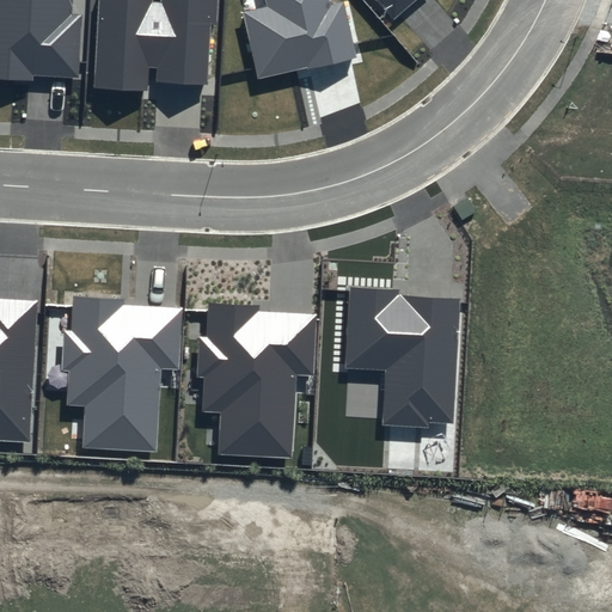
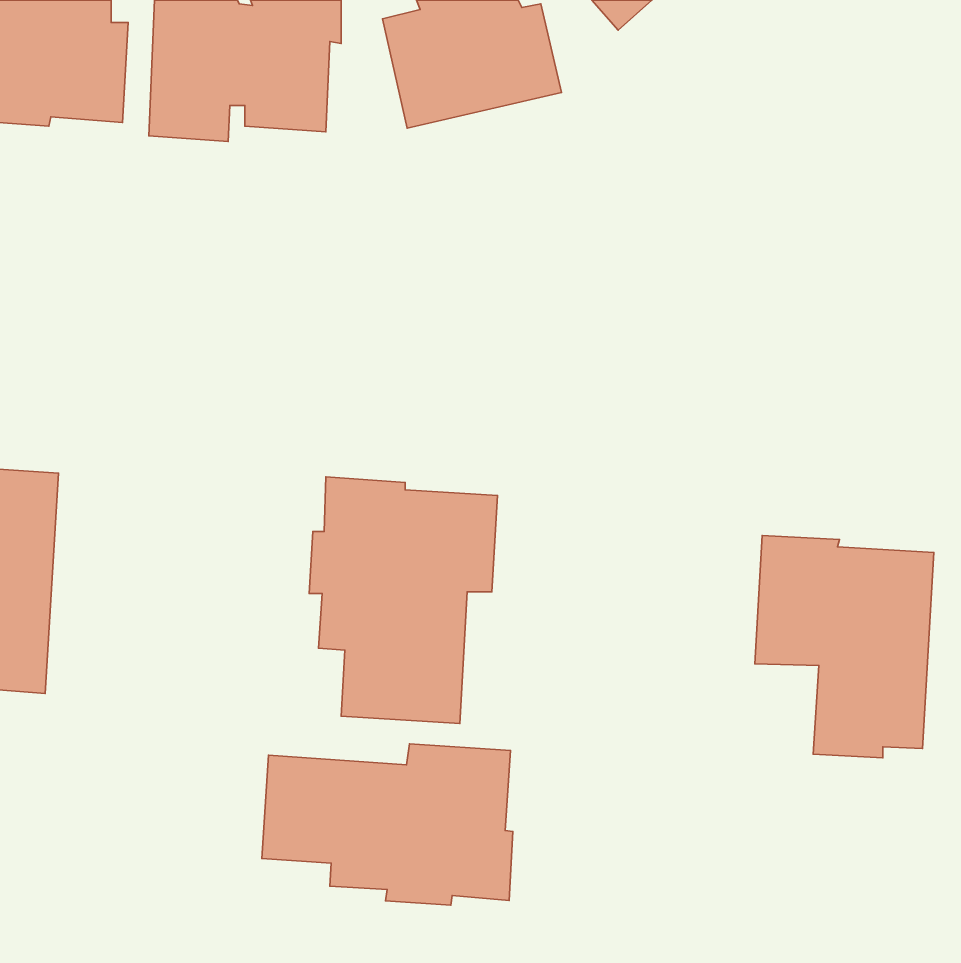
building: [345,287,459,428] -> [755,536,934,758]
building: [61,296,180,453] -> none
building: none -> [262,744,513,905]

